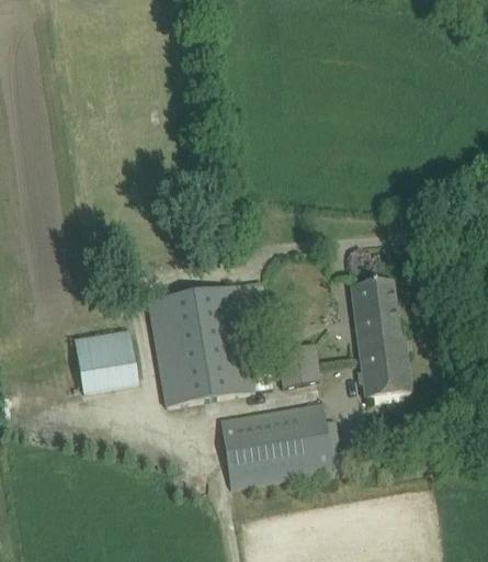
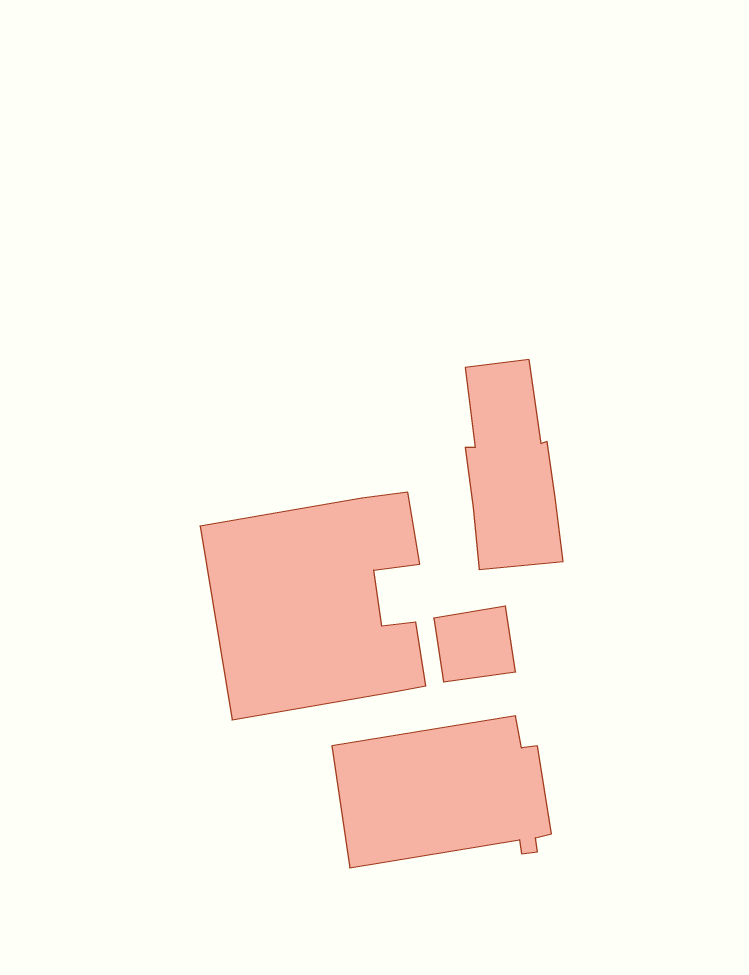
building: [354,280,408,395] -> [465,360,563,569]
building: [83,336,146,398] -> none

